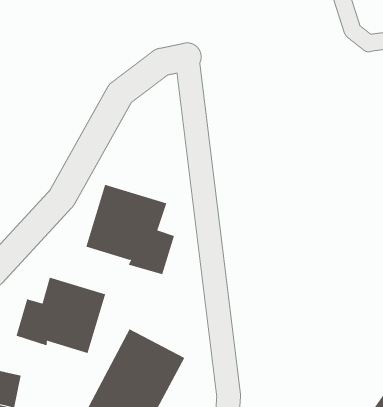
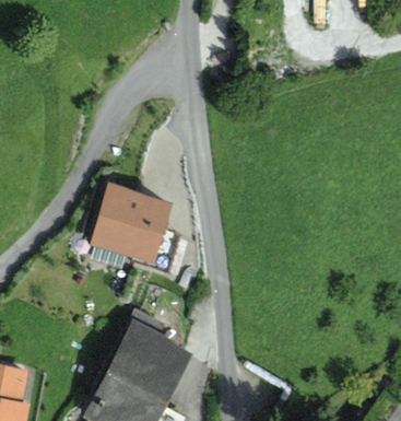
building: [16,277,106,354] -> none

